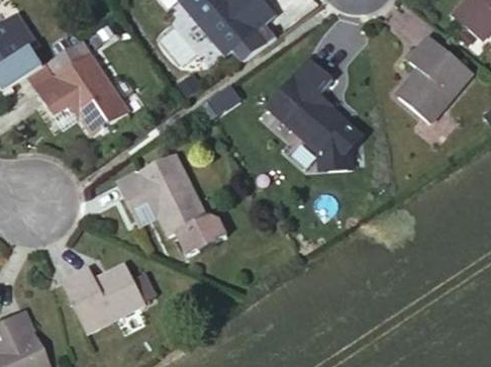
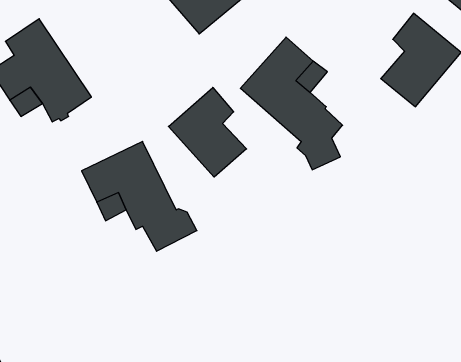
building: none -> [168,87,247,177]
building: [62,267,145,333] -> none

